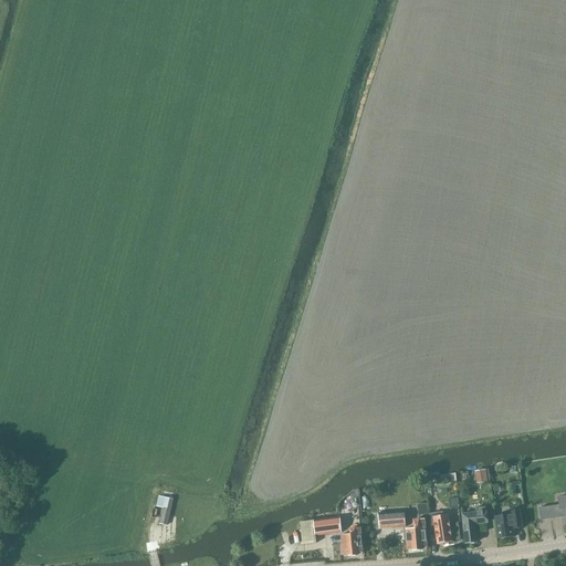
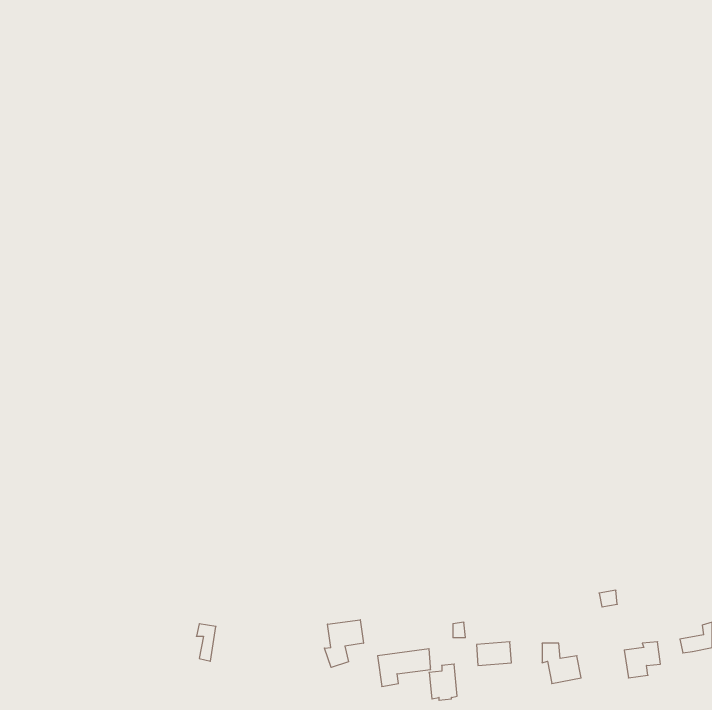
building: none -> [324,620,363,667]
building: [462,506,494,543] -> none
building: [406,518,427,549] -> none

